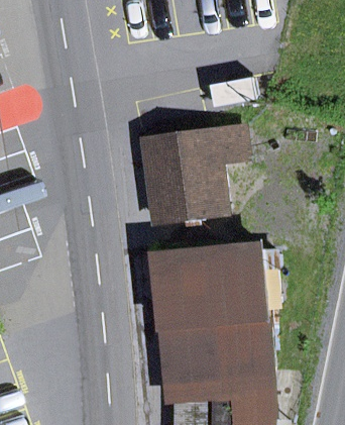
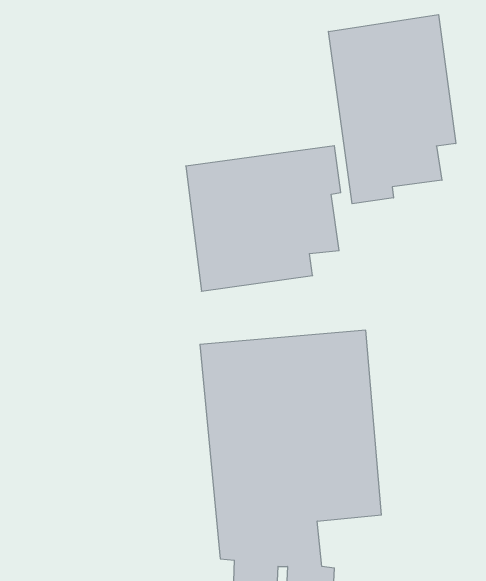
building: none -> [328,15,456,204]

